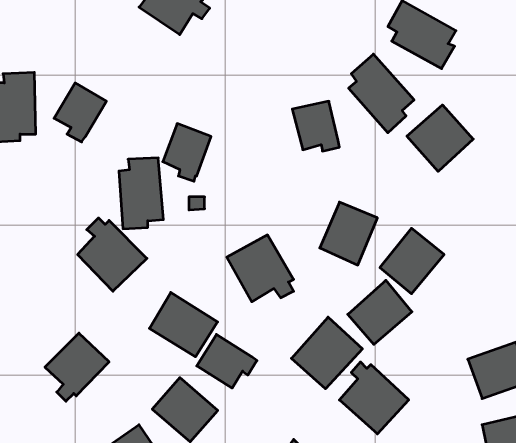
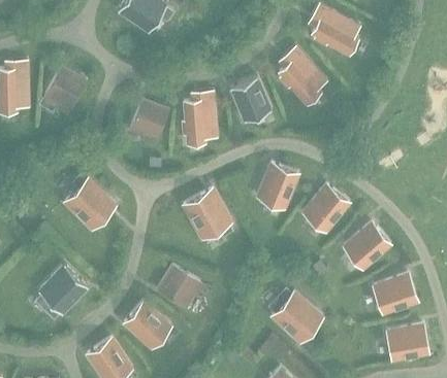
building: [407,105,473,171] -> none
building: [119,158,163,229] -> [183,91,218,146]
building: [348,280,412,344] -> [342,220,392,271]
building: [149,292,218,357] -> none
building: [291,317,362,389] -> none

